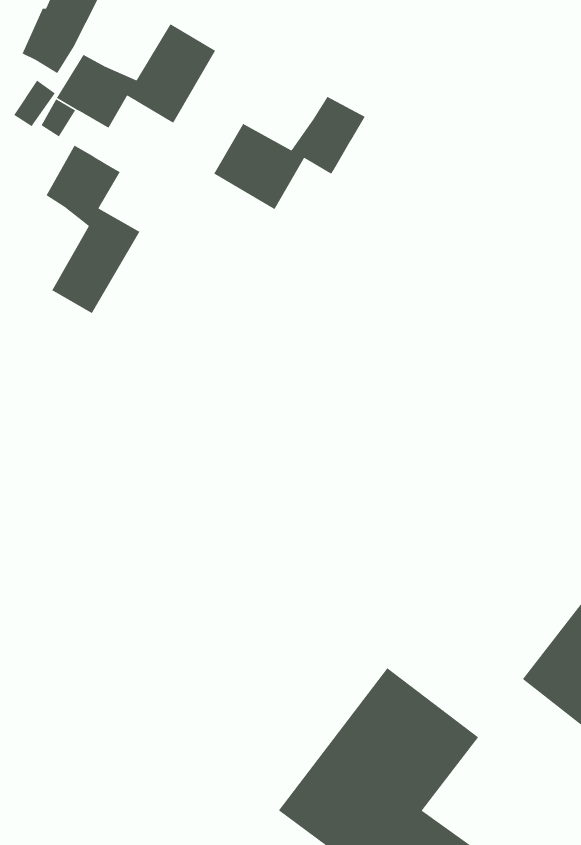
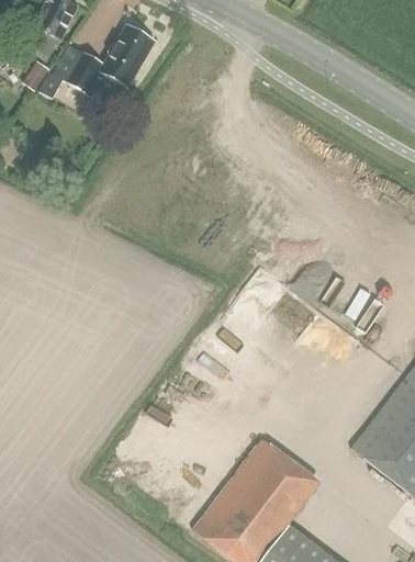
building: [213,96,366,210] -> none
building: [46,144,141,314] -> none

